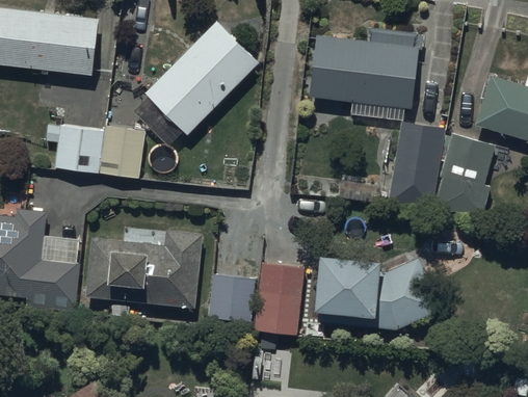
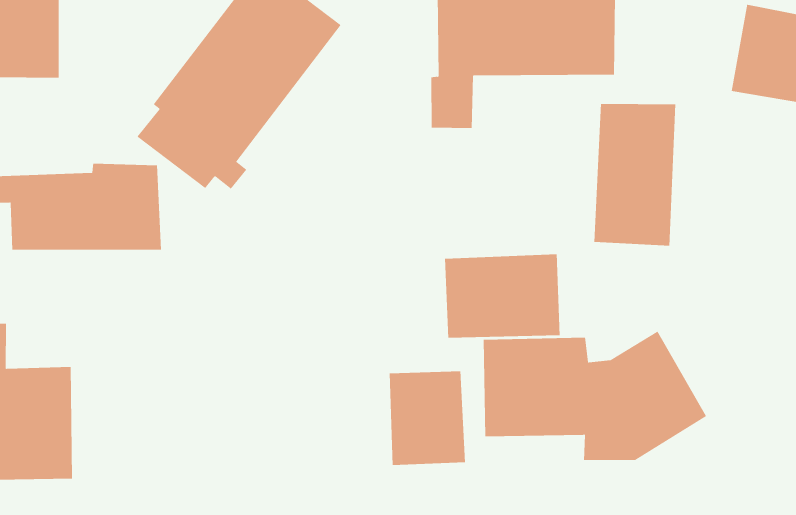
building: [433,134,495,213] -> none
building: none -> [445,253,560,338]
building: [85,230,201,309] -> none
building: [208,274,255,321] -> none

